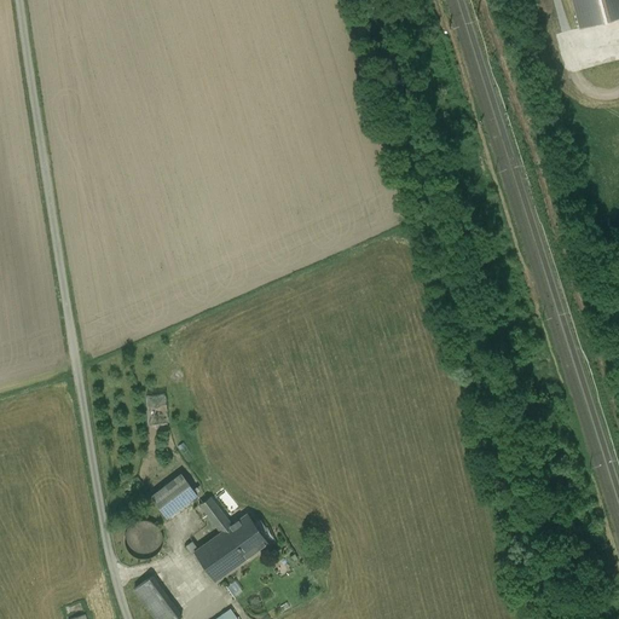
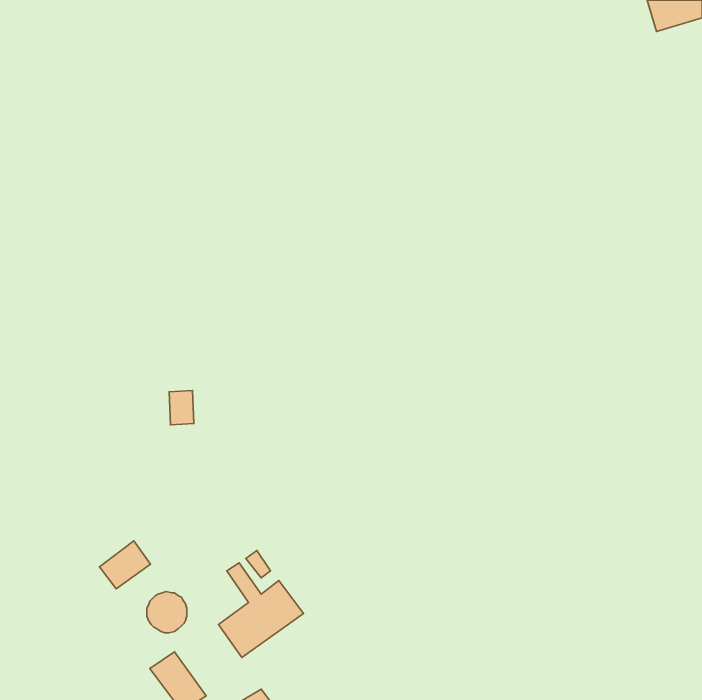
building: [146,394,168,424] -> [169,391,194,425]
building: [150,474,195,516] -> [100,541,150,589]

